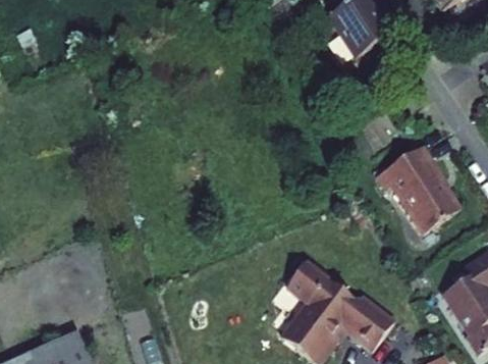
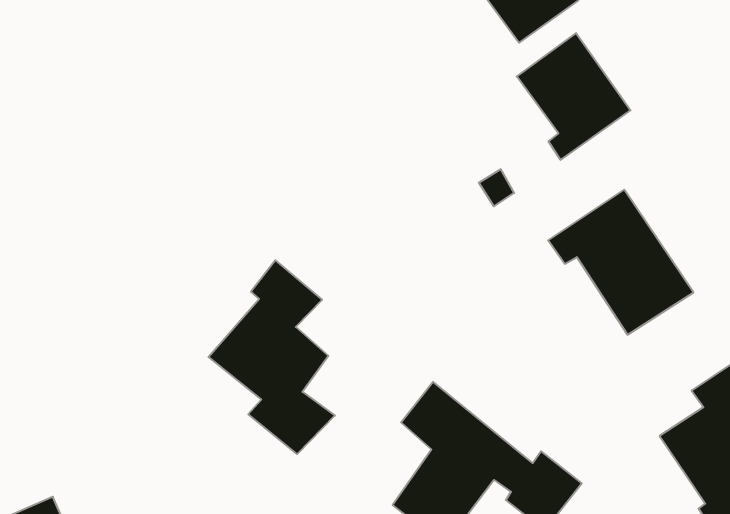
building: none -> [517,33,631,160]
building: none -> [208,260,335,454]

